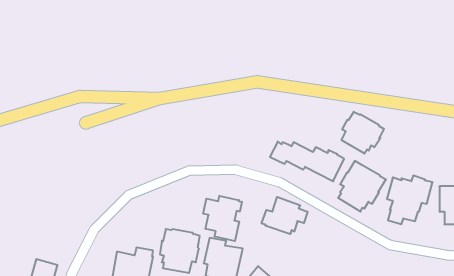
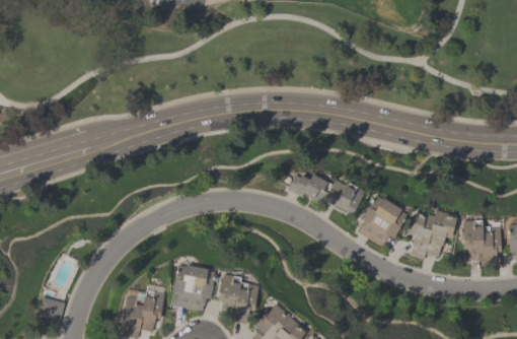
building: [342,112,384,154] -> none
building: [203,196,242,241] -> none
building: [262,197,308,234] -> none

